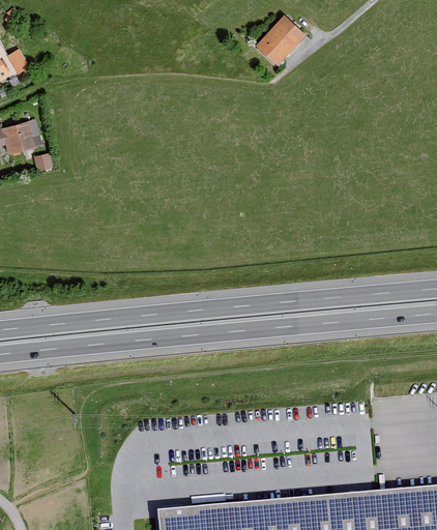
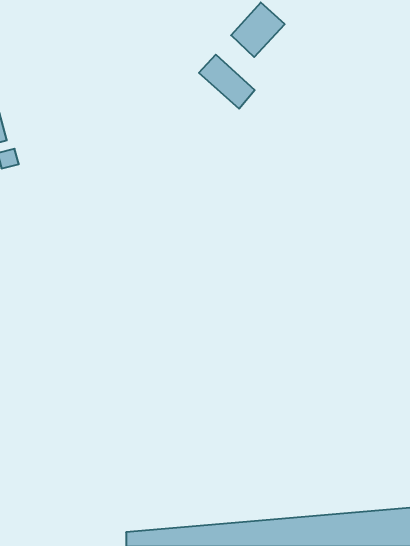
building: none -> [199,55,255,109]

